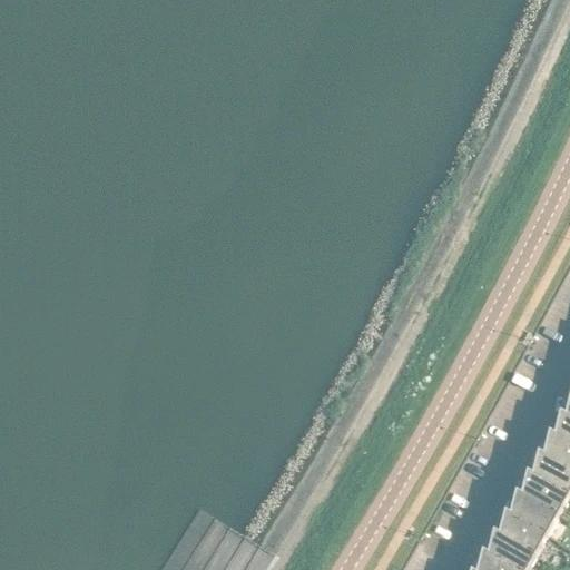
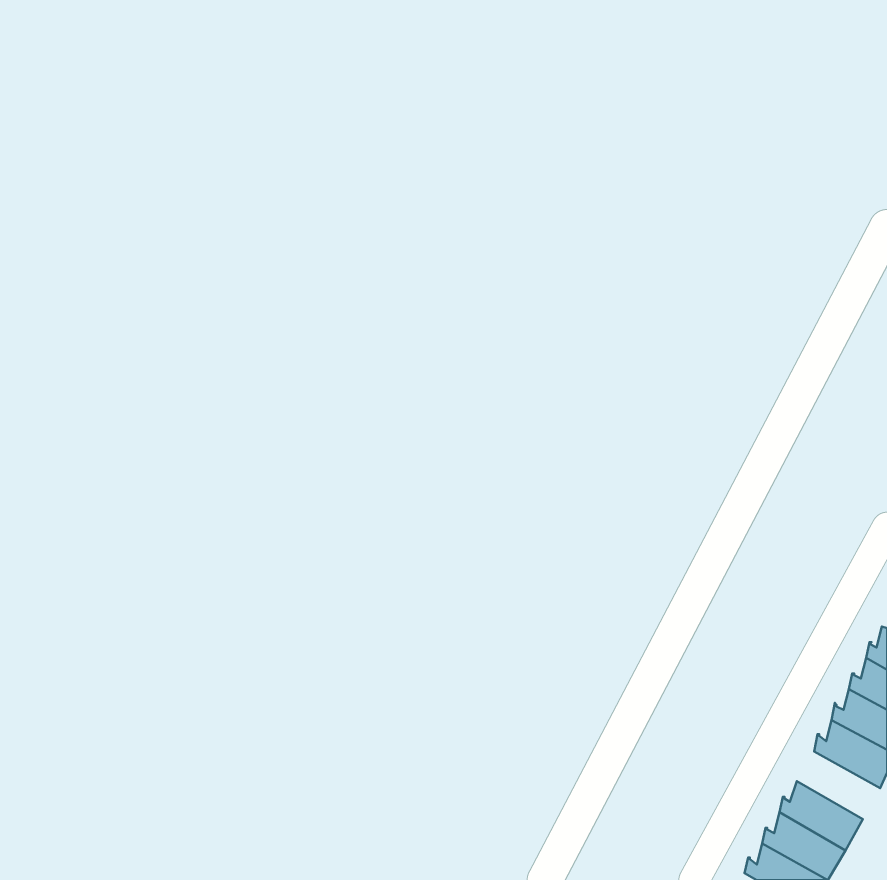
building: [511,482,564,525] -> none

